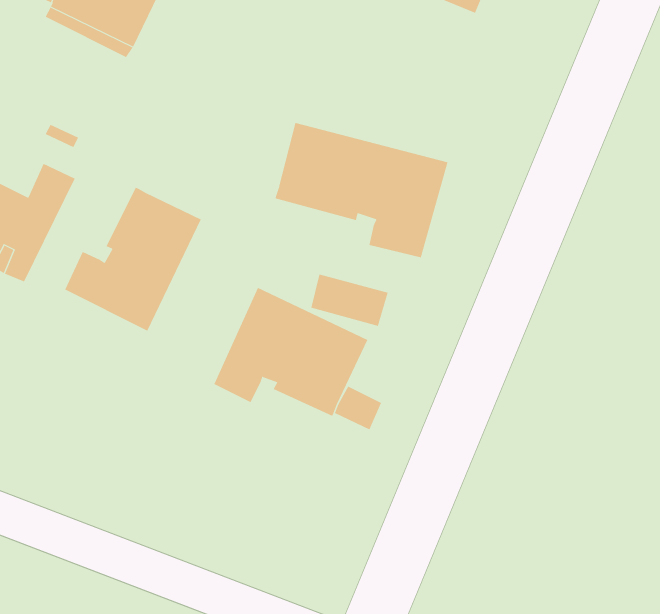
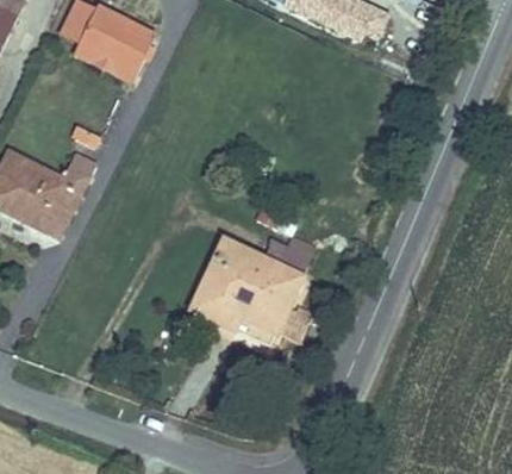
building: [275,122,448,258] -> none
building: [65,187,202,332] -> none

